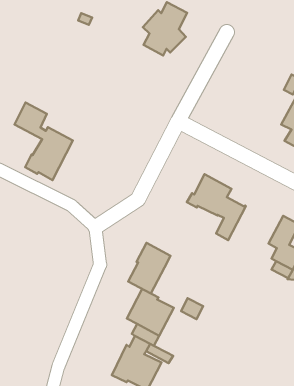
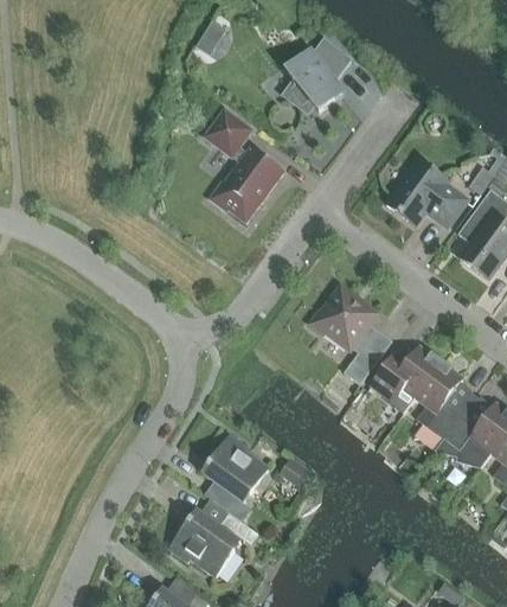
building: none -> [386,158,468,225]
building: [14,103,73,180] -> [205,107,283,221]
building: none -> [372,344,442,400]
building: [128,243,171,294] -> none

